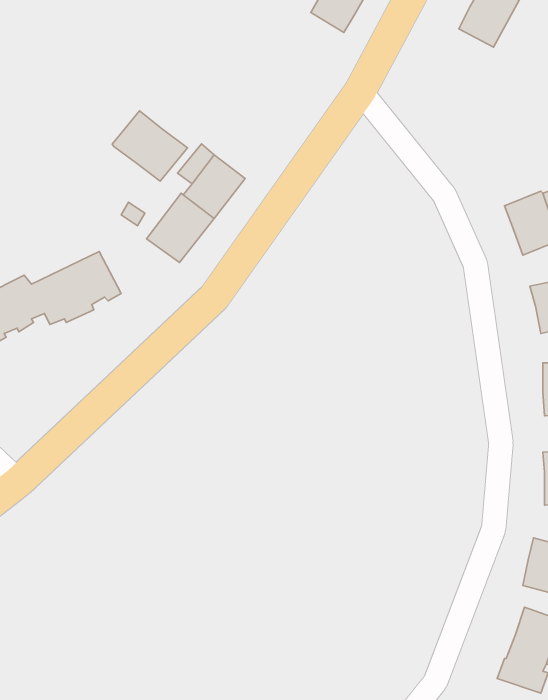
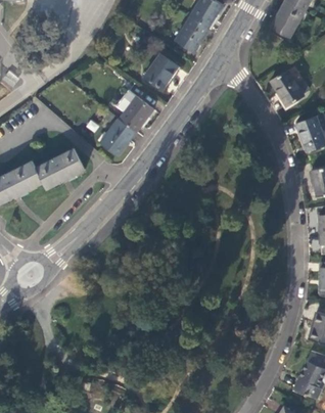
building: none -> [170,14,208,49]
building: none -> [144,52,178,87]
building: none -> [270,67,308,103]
building: [112,111,187,181] -> none

